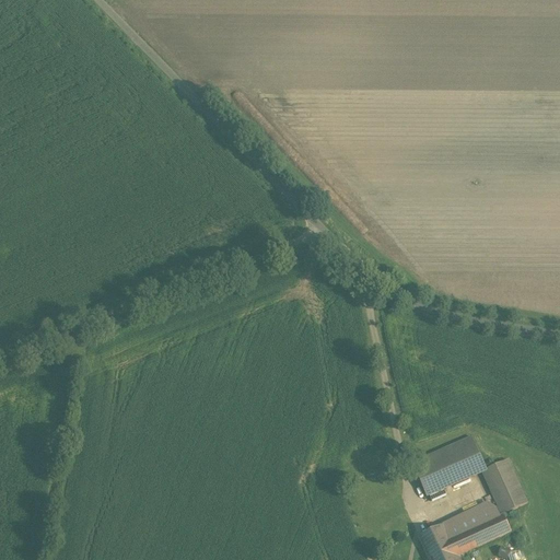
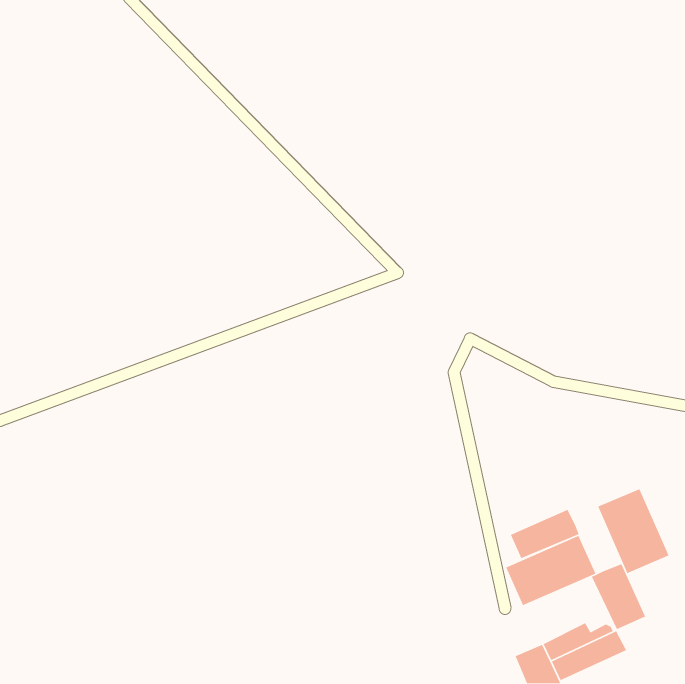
building: none -> [597,488,669,574]
building: none -> [510,509,580,559]

